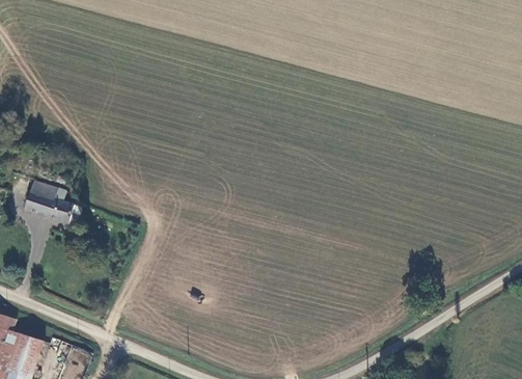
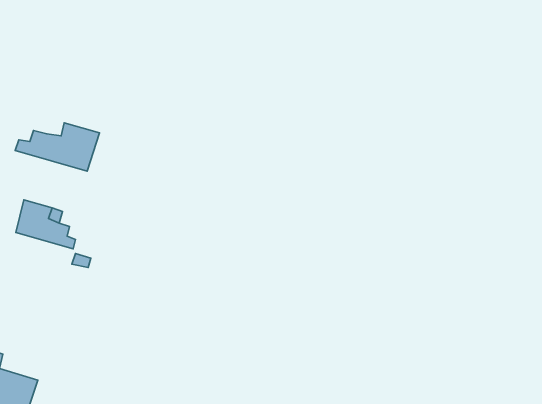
building: none -> [15,123,99,171]

